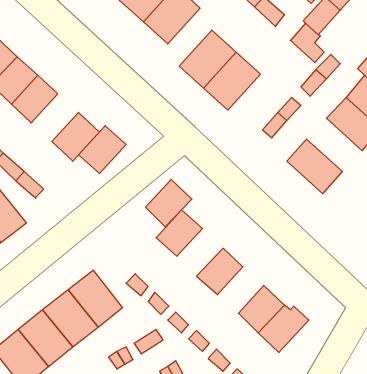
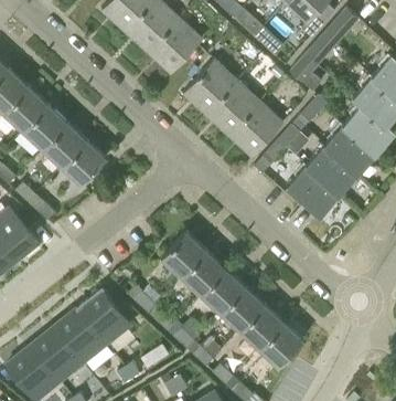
building: none -> [229,103,283,158]
building: none -> [304,145,357,196]
building: [79,126,126,173] -> [42,122,87,167]
building: [146,179,192,227] -> [181,250,225,295]
building: none -> [220,286,264,330]

